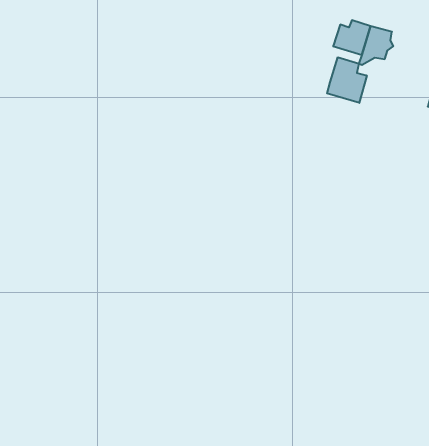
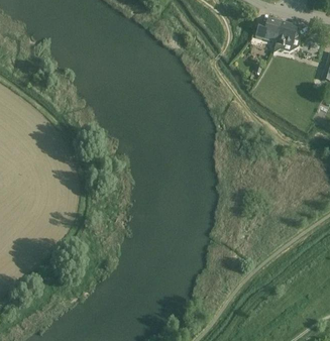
building: [327,57,367,103] -> none

